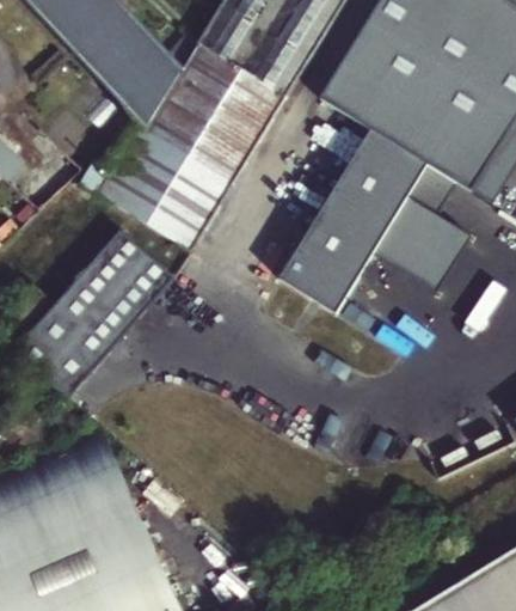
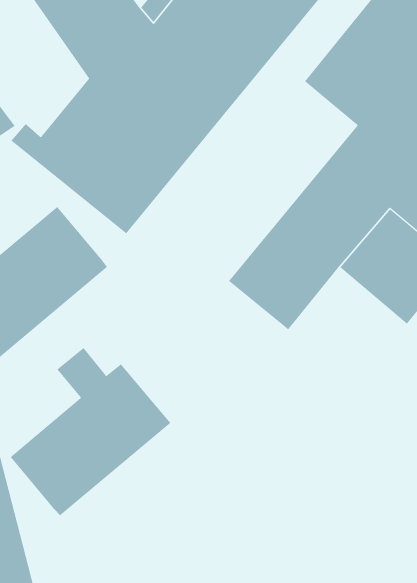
building: none -> [10,347,171,516]

